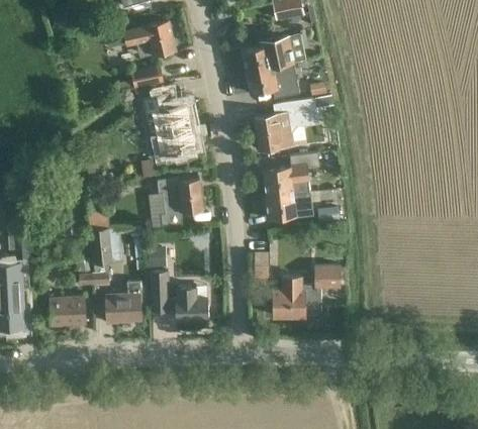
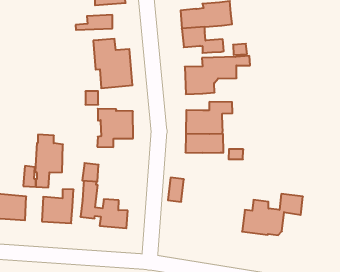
building: [274,266,342,317] -> [242,194,303,235]

